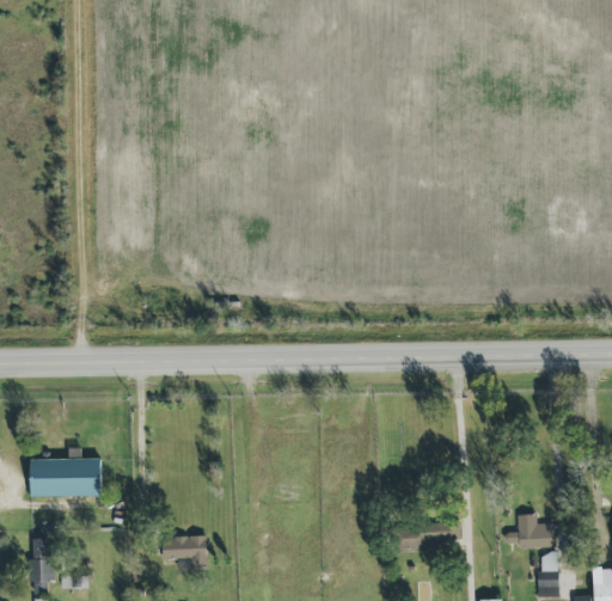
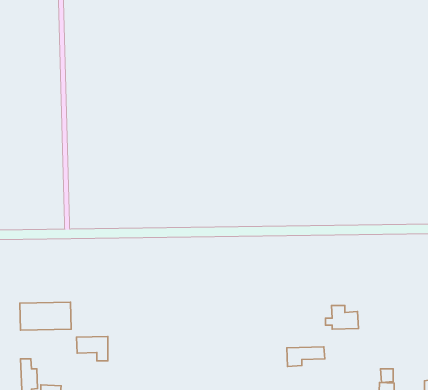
building: [509,514,556,547] -> [325,306,358,329]
building: [163,535,207,570] -> [76,336,108,361]

